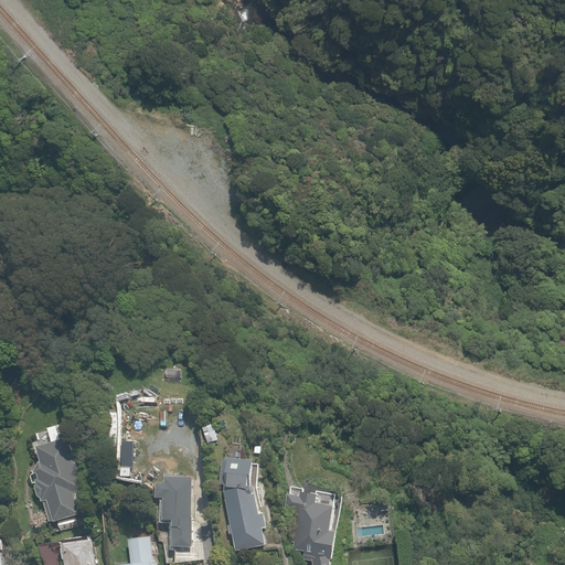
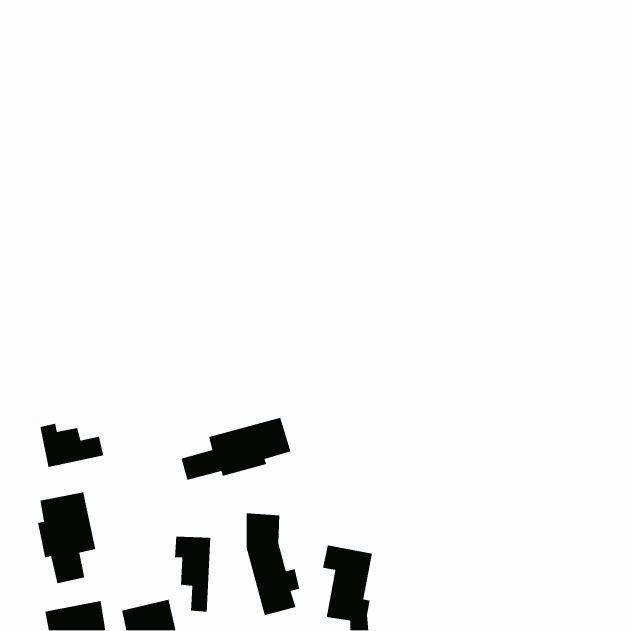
building: none -> [181,417,292,481]
building: none -> [39,423,104,468]

